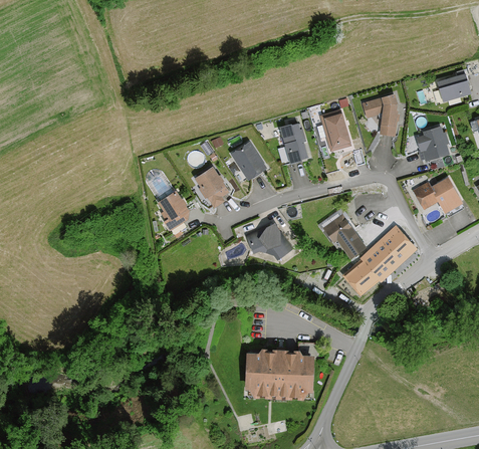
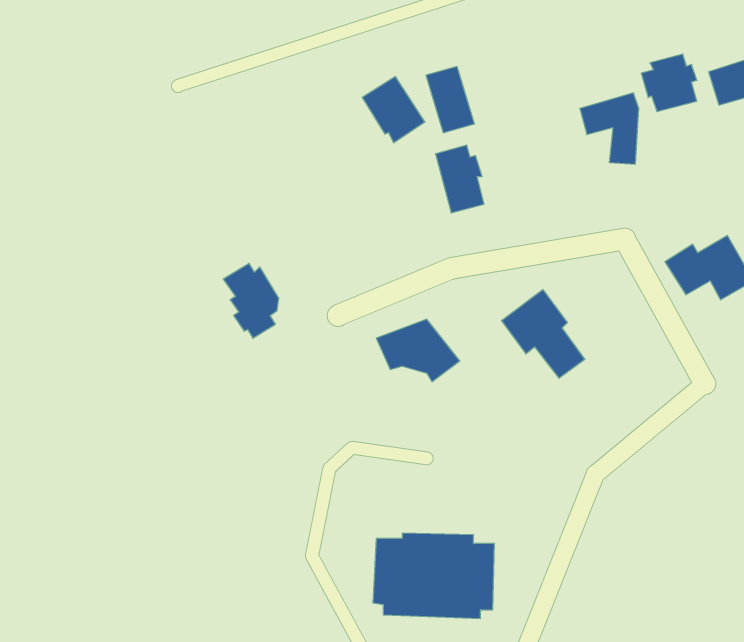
building: [322,113,350,151] -> [426,67,475,133]
building: [417,127,449,160] -> [641,54,697,112]
building: [230,142,266,180] -> [362,77,425,143]
building: [194,167,229,209] -> none
building: [343,226,418,296] -> none

